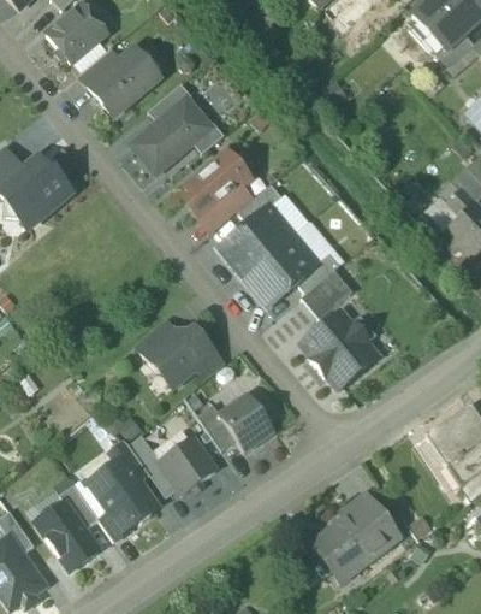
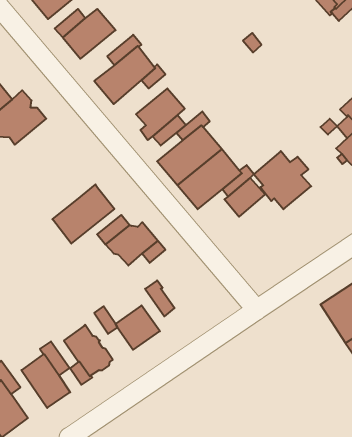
building: none -> [52,184,114,244]
building: [303,311,378,386] -> [254,151,311,209]
building: [218,391,274,450] -> none
building: [109,439,149,480] -> none
building: [311,491,399,563] -> none

